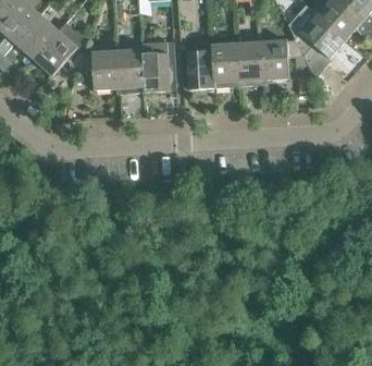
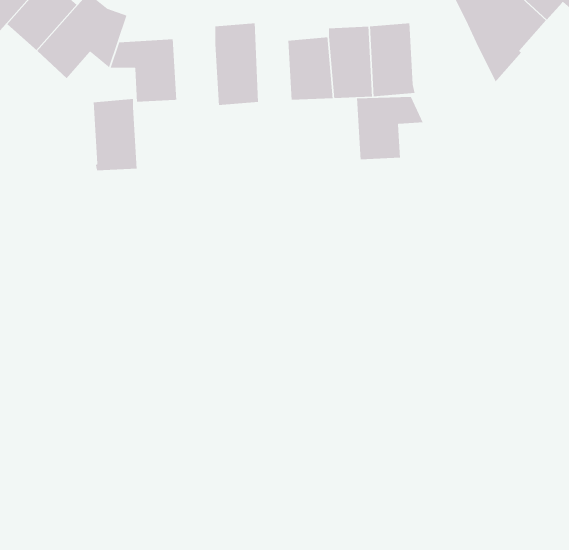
building: [262,39,303,78] -> [356,96,424,160]
building: [117,48,145,93] -> [93,98,137,171]

